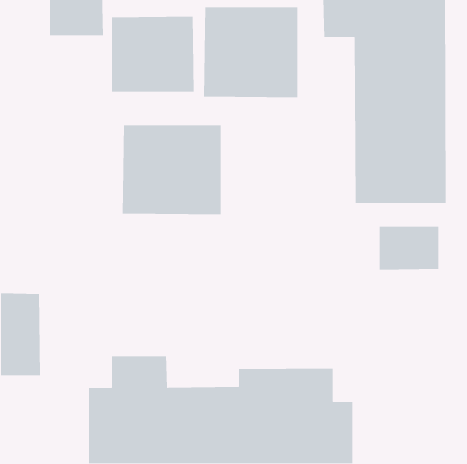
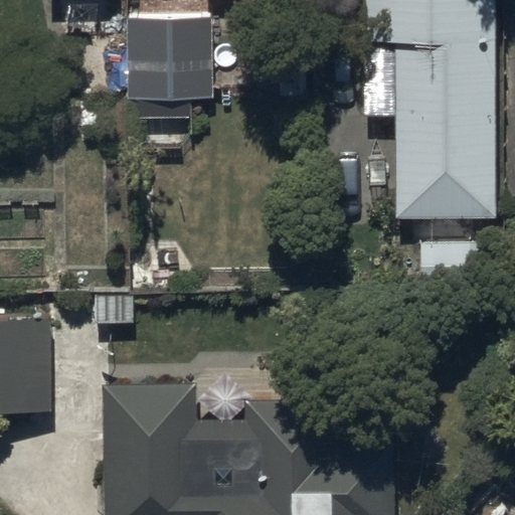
building: [203,6,298,98] -> none
building: [122,125,222,215] -> none

